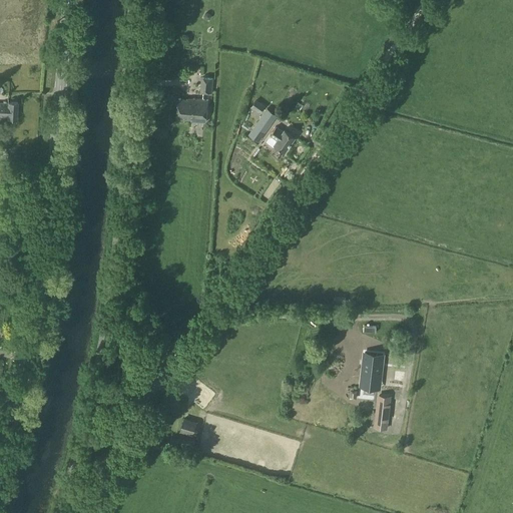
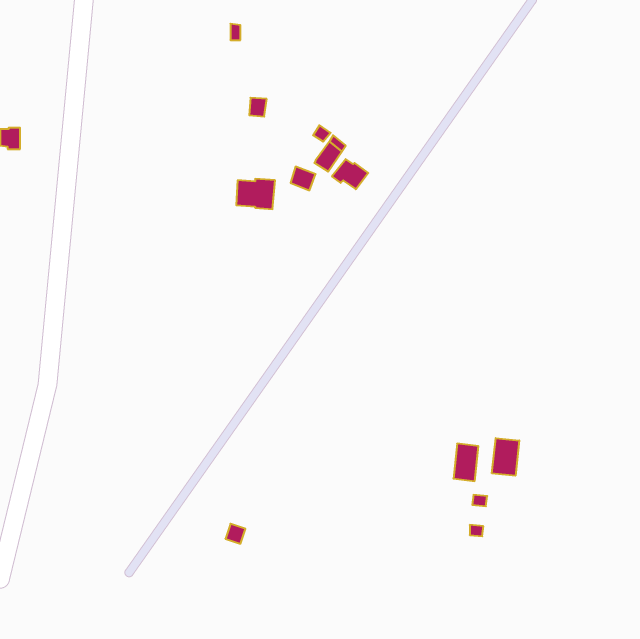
building: [176,99,207,123] -> [236,179,275,209]
building: none -> [492,438,519,476]

